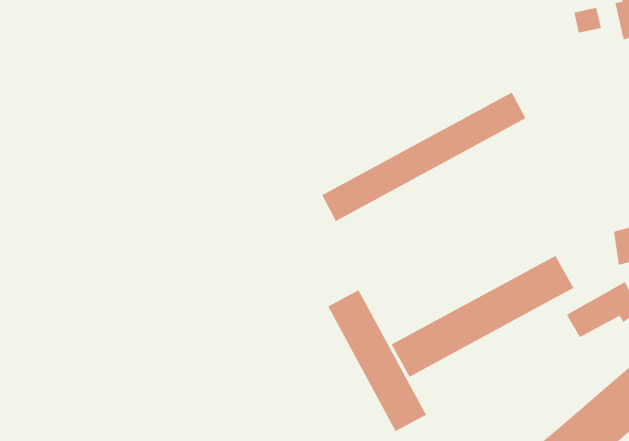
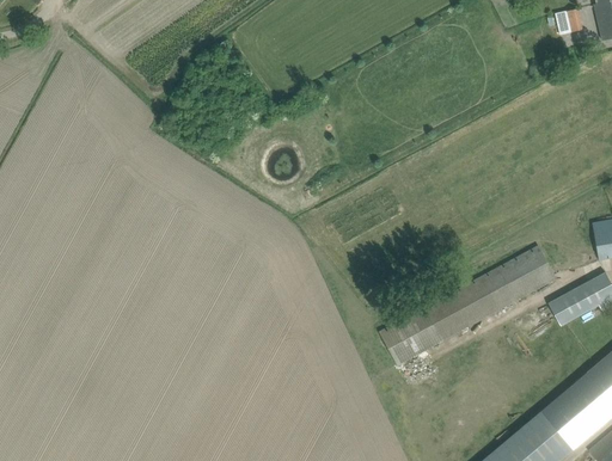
building: [321,91,526,222] -> none
building: [327,289,427,432] -> none

